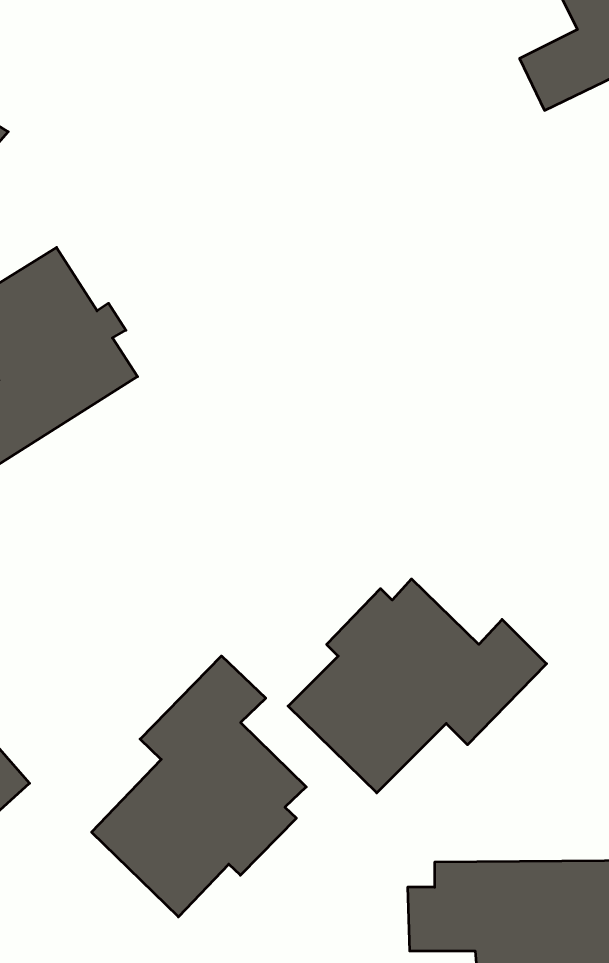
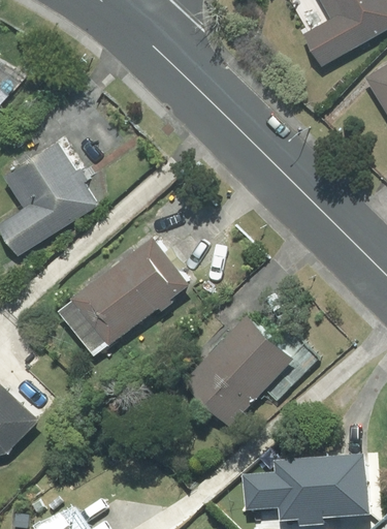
building: none -> [58,236,189,359]
building: [92,656,306,917] -> none

